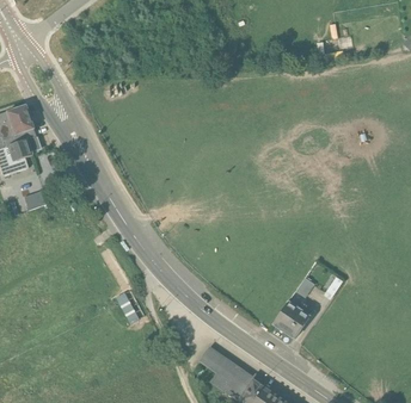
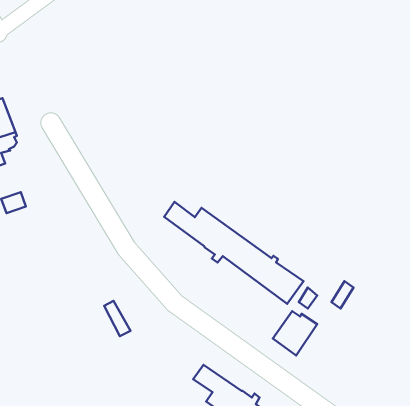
building: none -> [164,202,304,304]

